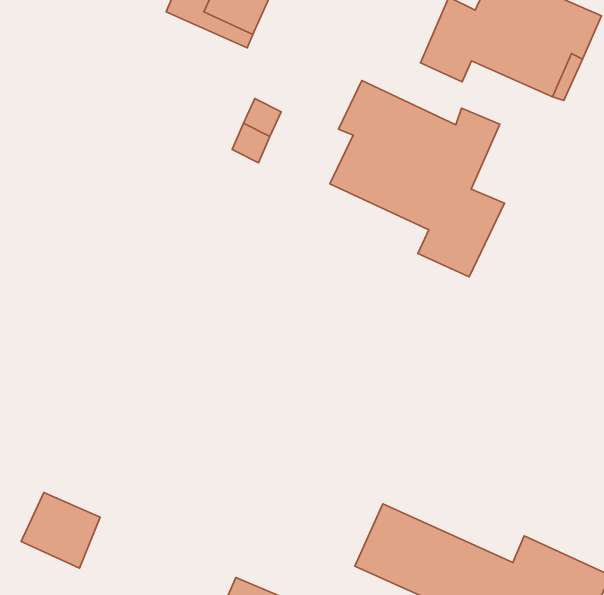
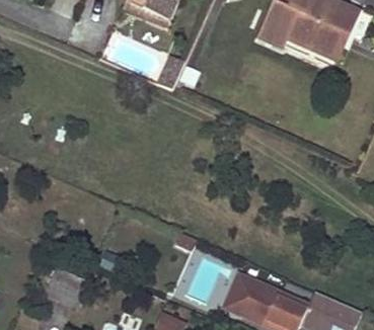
building: [330,81,505,277] -> none

